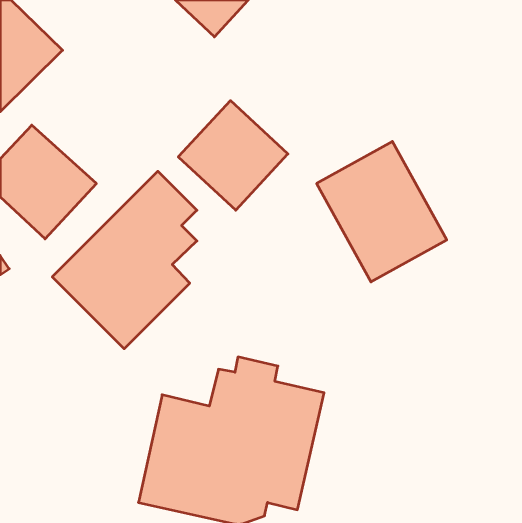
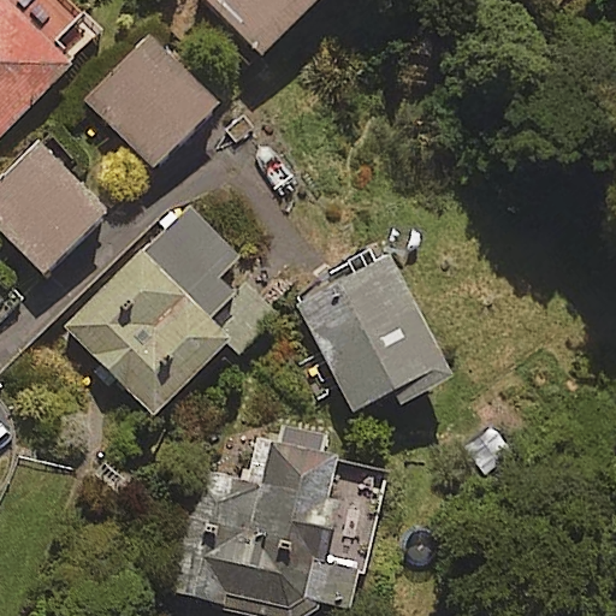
building: [178,101,288,210] -> [91,41,220,170]
building: [317,141,447,282] -> [292,249,445,414]

